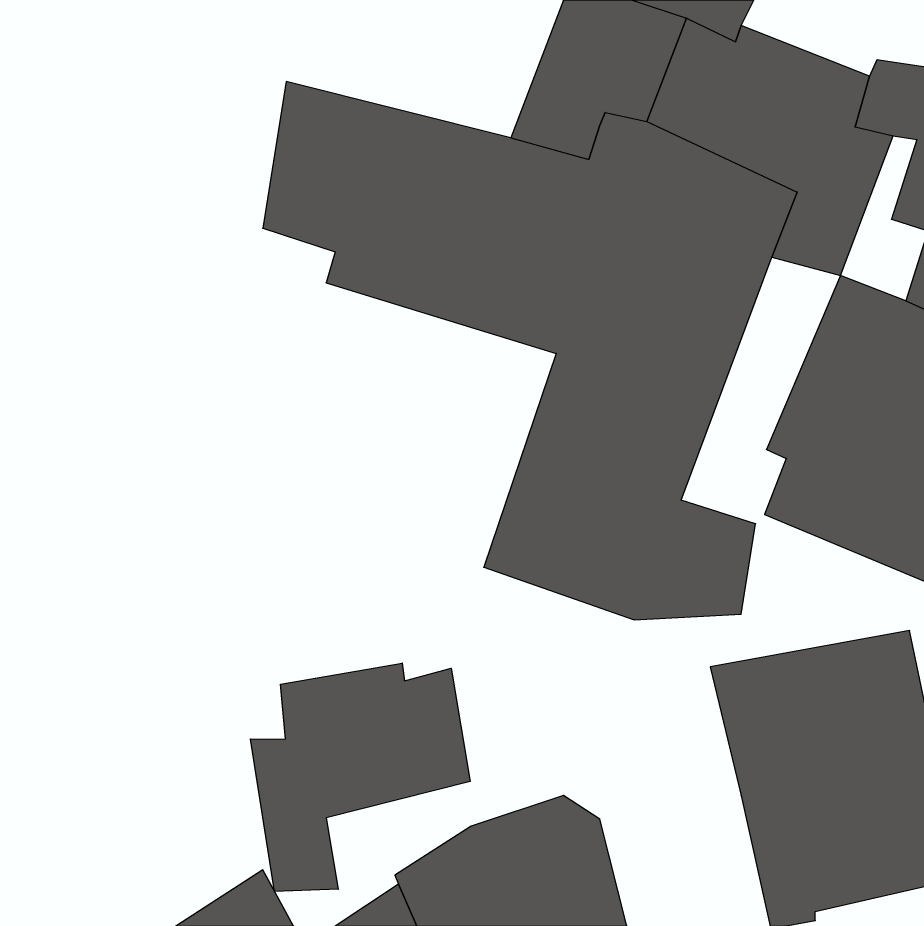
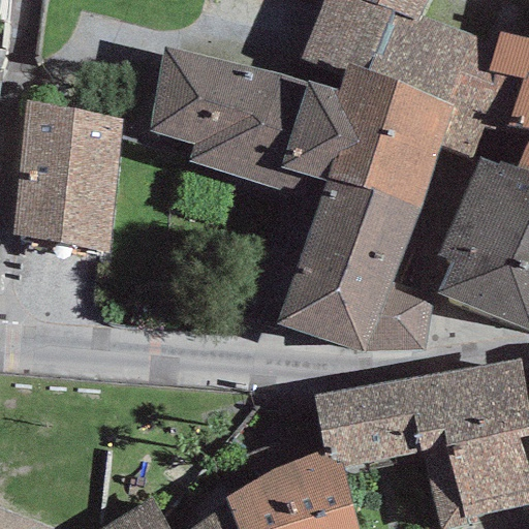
building: none -> [12,100,123,253]
building: [250,663,470,892] -> none
building: none -> [313,380,424,467]

